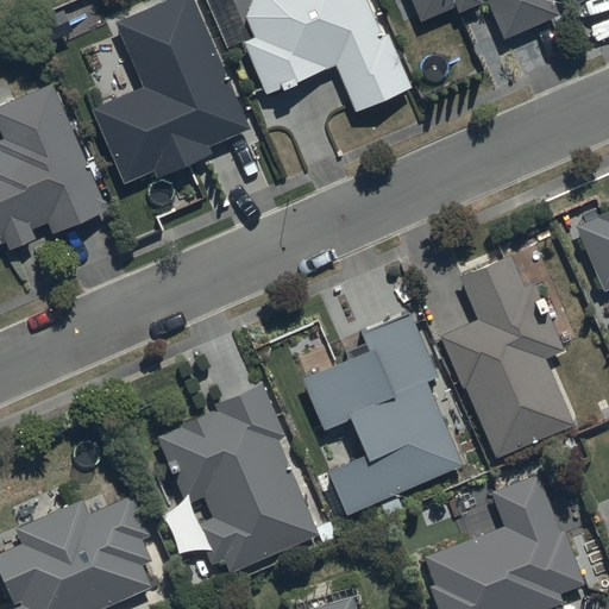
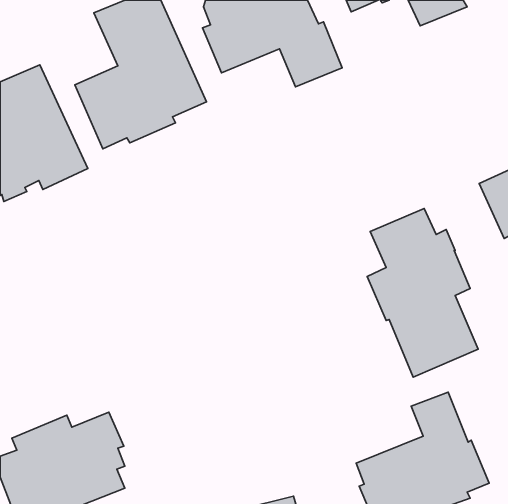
building: [302,309,463,511] -> none
building: [156,384,319,572] -> none

